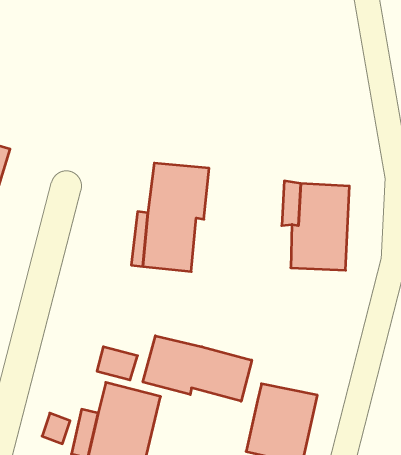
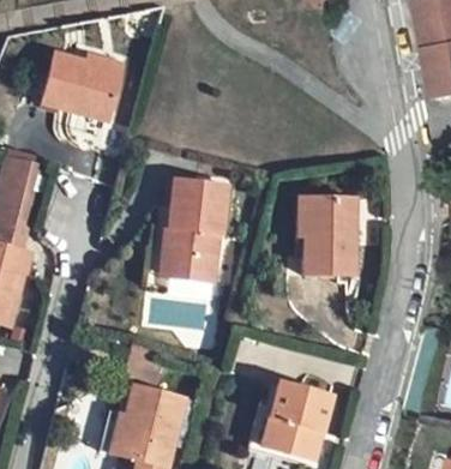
building: none -> [42,48,121,119]
building: [143,336,252,401] -> none

